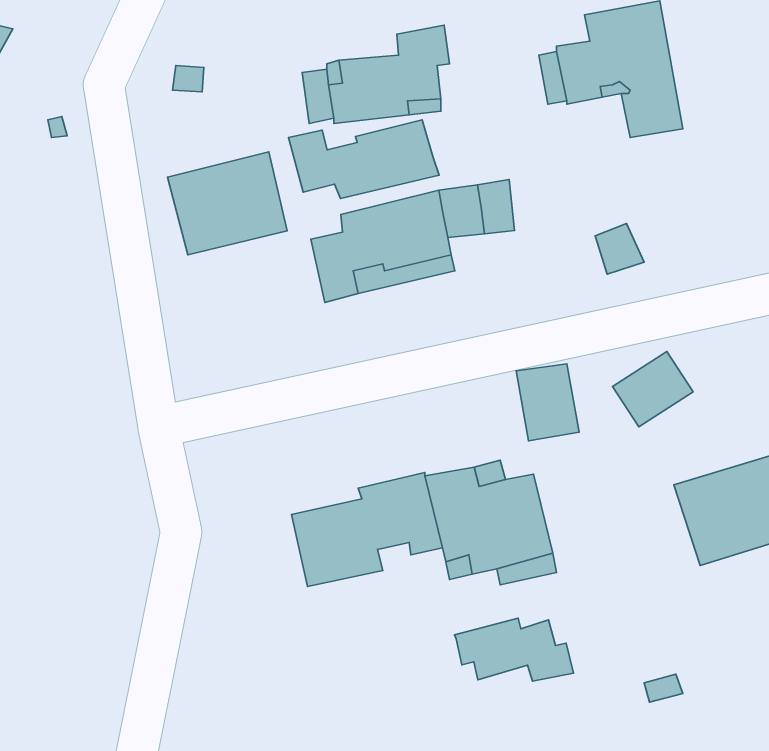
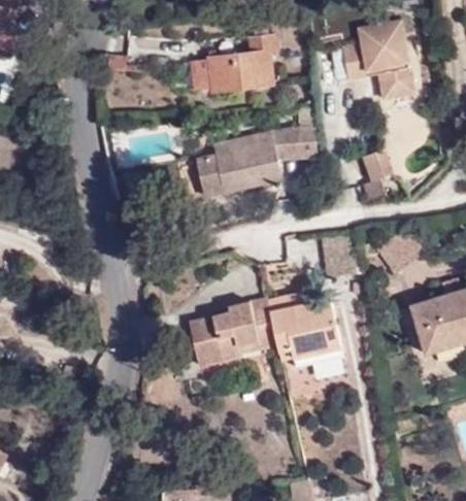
building: [289,120,439,198] -> none
building: [167,152,287,255] -> none
building: [454,618,573,681] -> none

